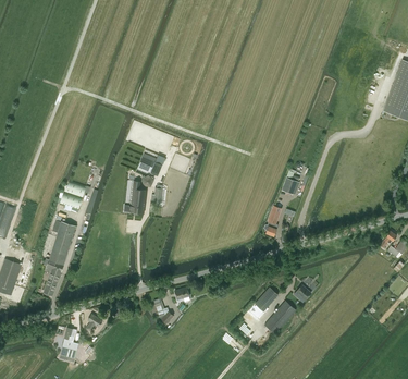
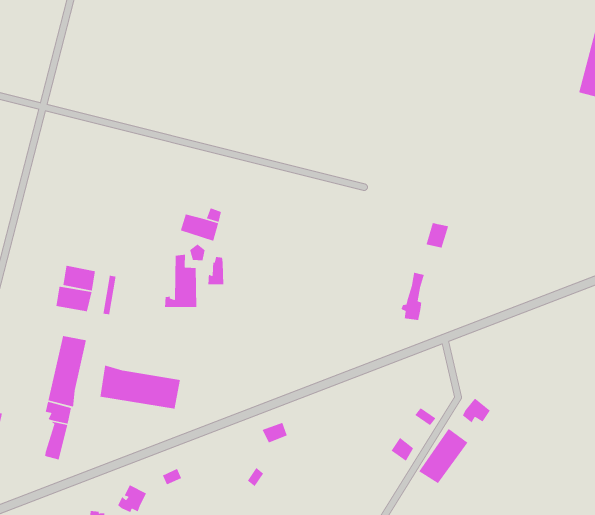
building: none -> [100,365,181,409]

